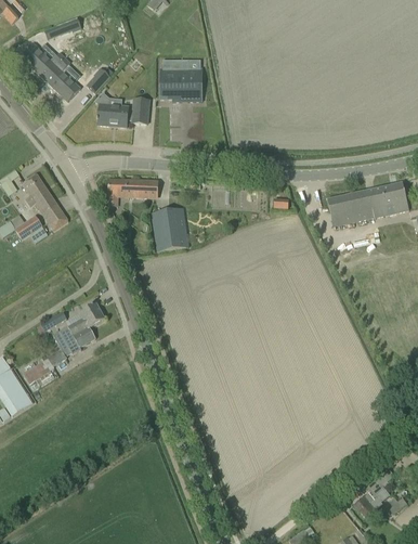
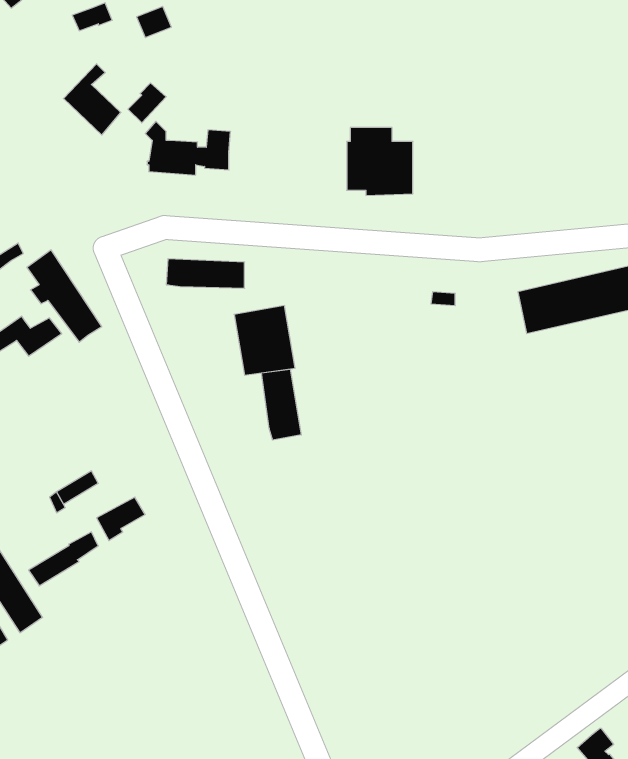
building: [21,43,65,79] -> none
building: [160,60,201,102] -> [347,128,413,195]
building: none -> [261,369,301,440]
building: [60,303,105,340] -> none

